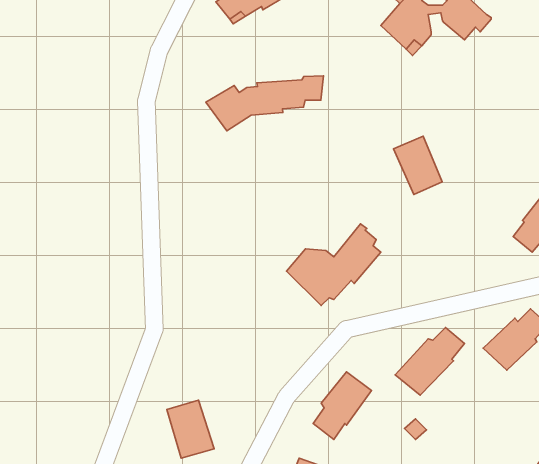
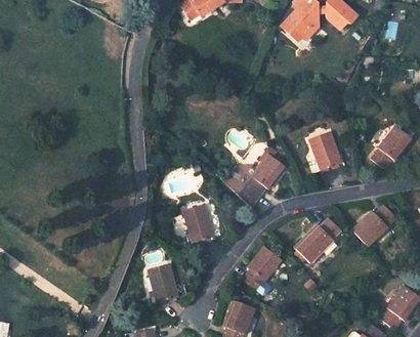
building: [206,76,323,131] -> none
building: [393,136,442,194] -> [307,132,339,170]
building: none -> [184,206,213,243]

